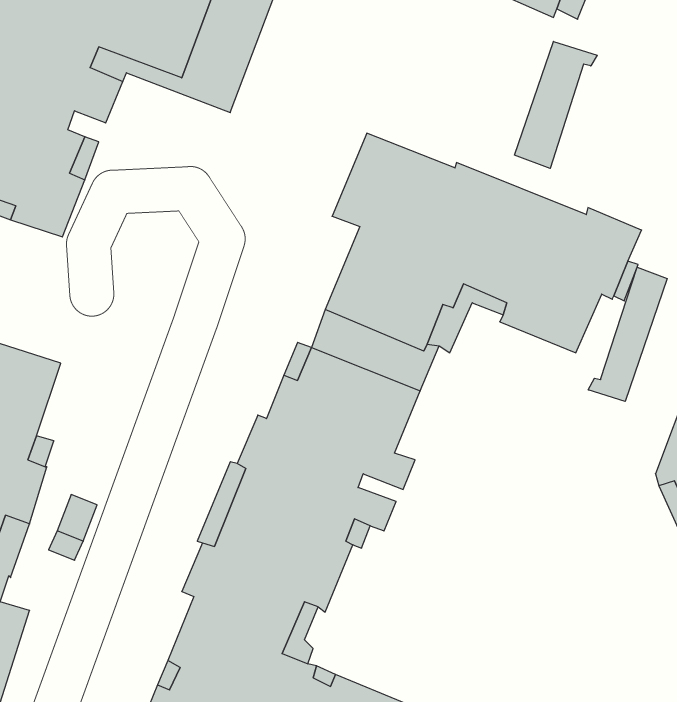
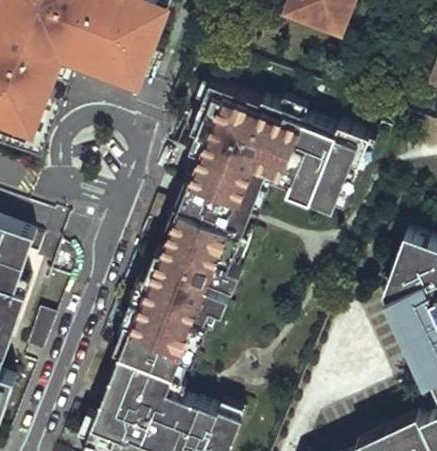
building: [515,41,597,168] -> none
building: [588,267,667,401] -> none

